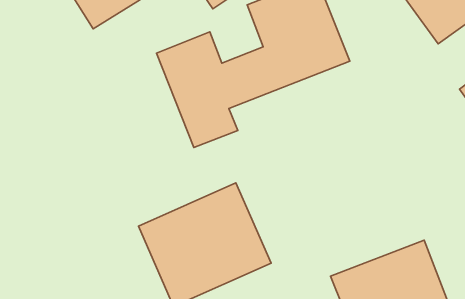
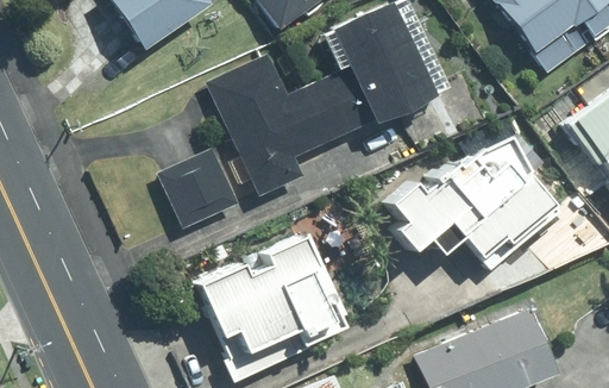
building: none -> [385,127,561,271]
building: none -> [159,145,244,231]

